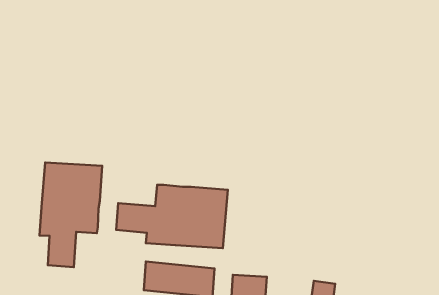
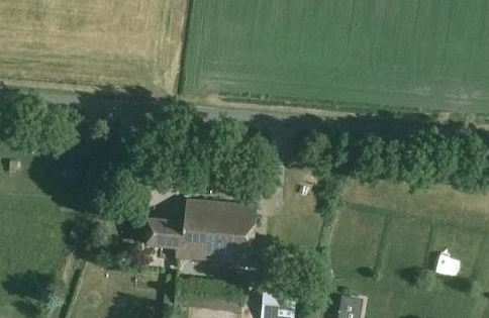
building: [39,162,102,267] -> none

